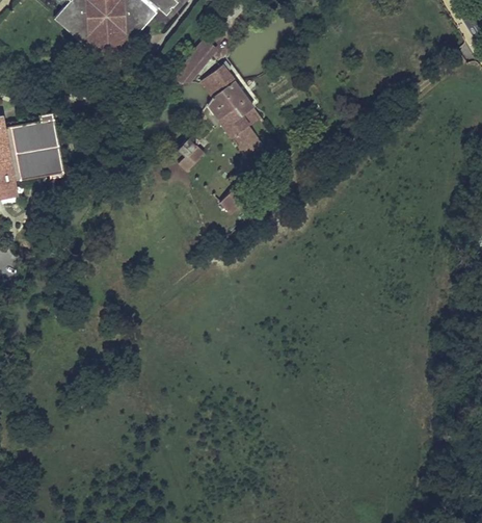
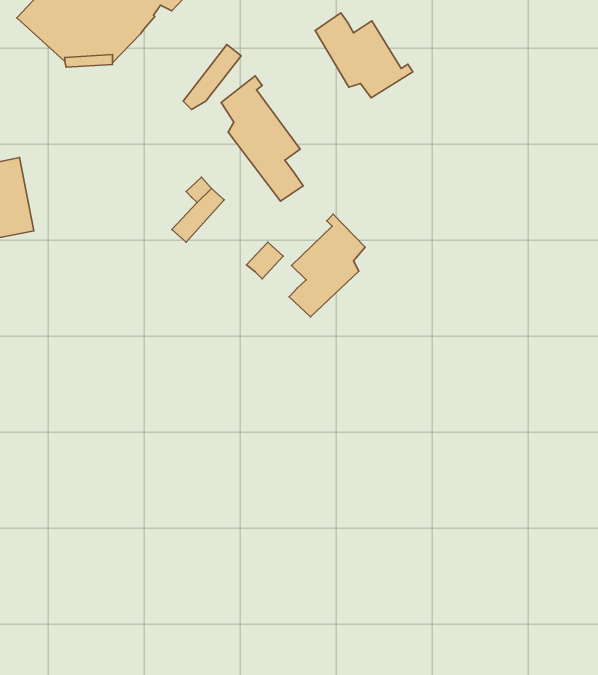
building: none -> [315,13,413,98]
building: none -> [289,214,365,317]

